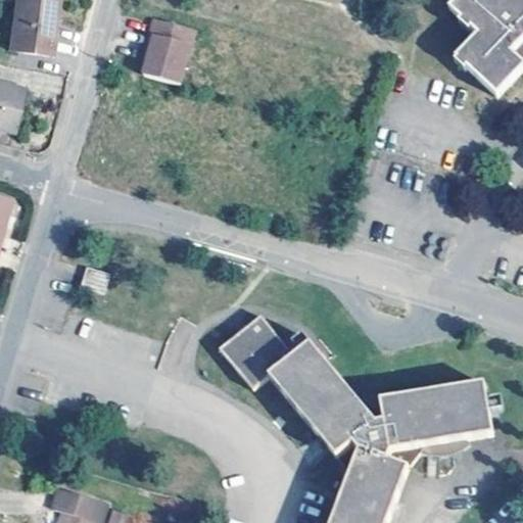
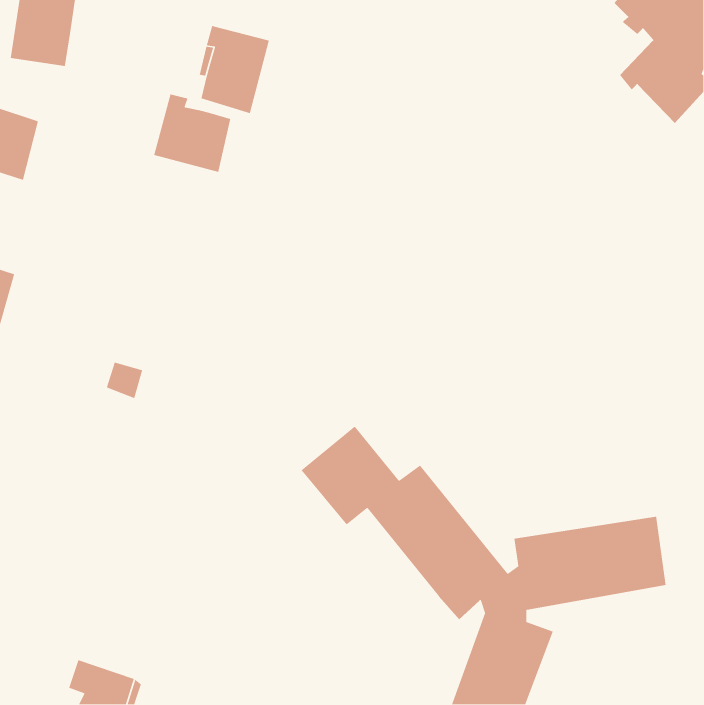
building: none -> [153,93,231,173]

